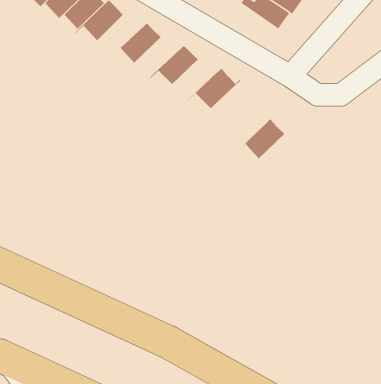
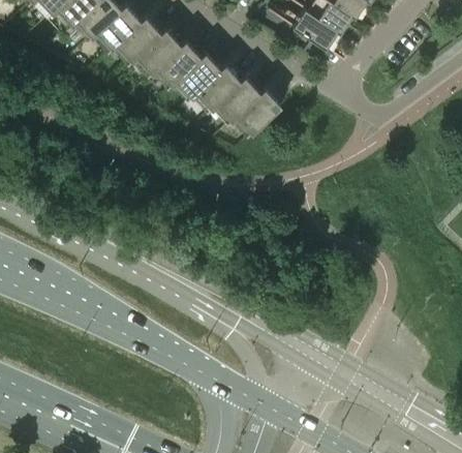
building: none -> [126,29,180,72]
building: none -> [166,53,219,96]
building: [236,118,285,159] -> [207,77,258,120]

